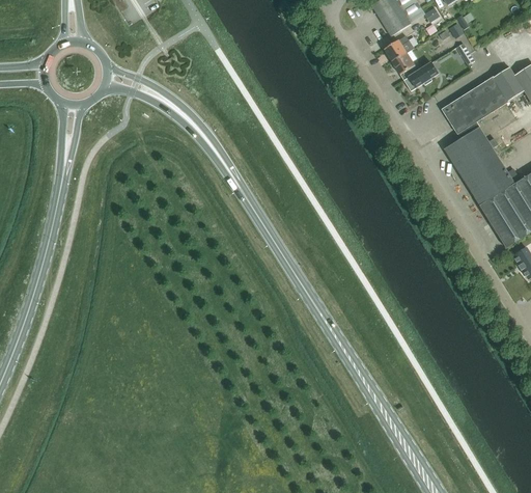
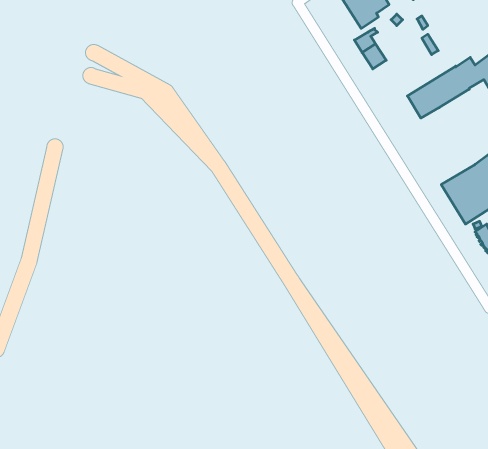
building: [404,61,439,90] -> none
building: [443,120,514,203] -> none

